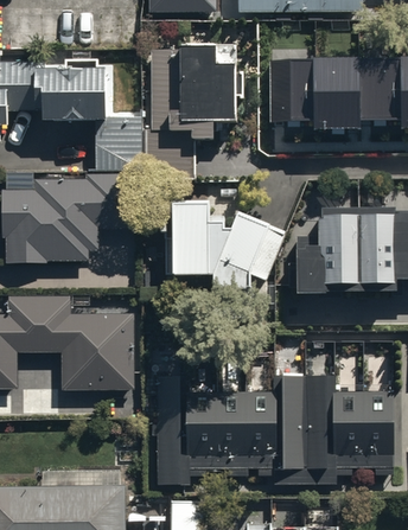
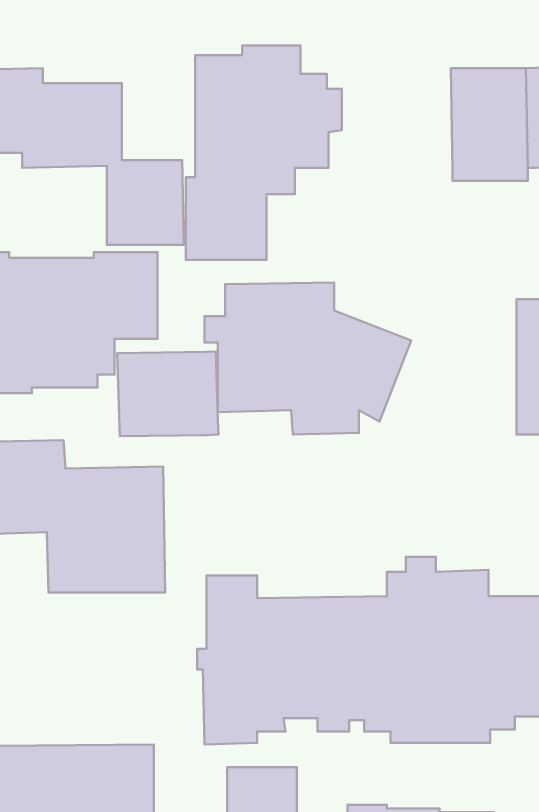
building: [273,58,313,122] -> none
building: [295,204,353,289] -> none
building: none -> [117,351,218,436]

